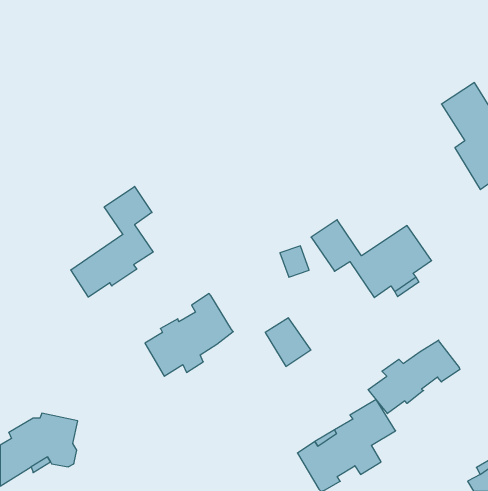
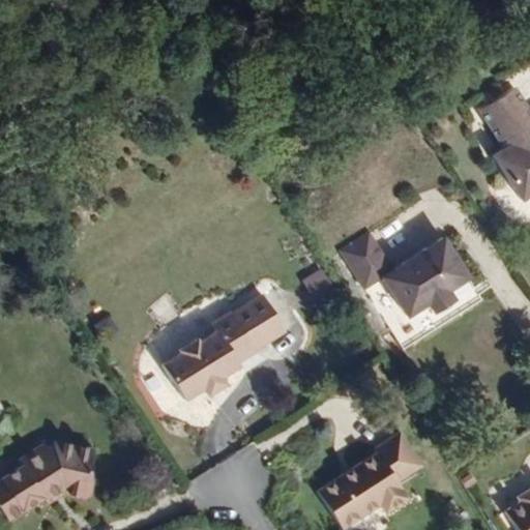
building: [71,186,153,297] -> none
building: [265,318,311,366] -> [234,299,283,351]
building: [368,340,460,414] -> none

